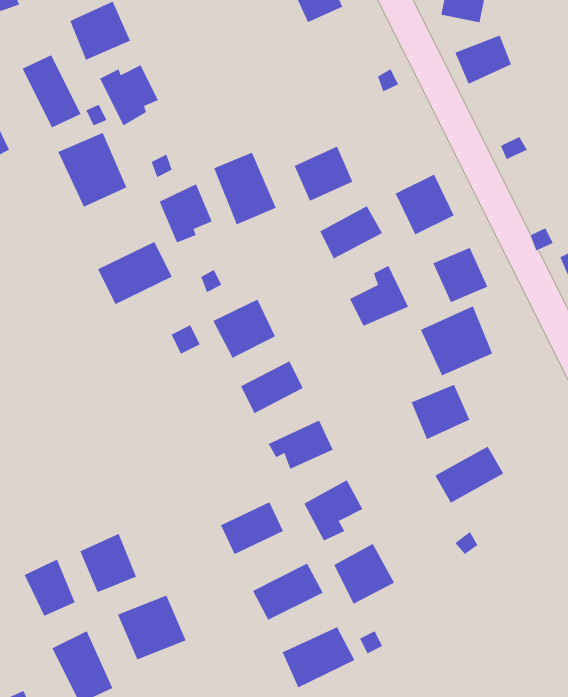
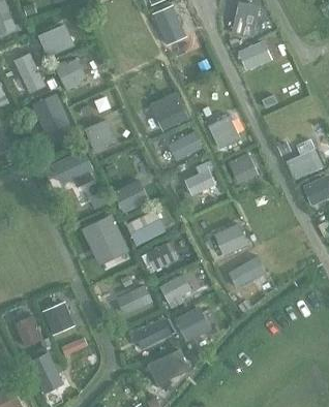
building: [213,152,277,225] -> none
building: [420,306,493,376] -> none
building: none -> [83,219,127,265]

